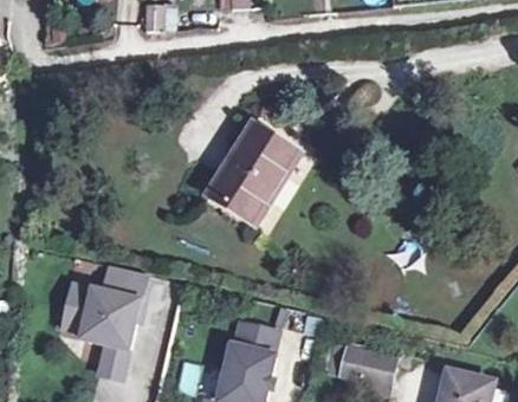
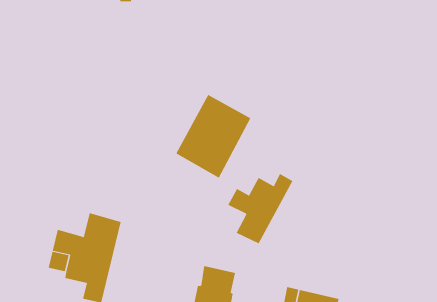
building: none -> [227,173,293,244]

